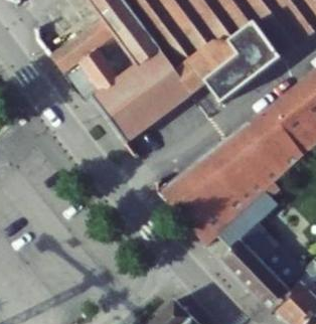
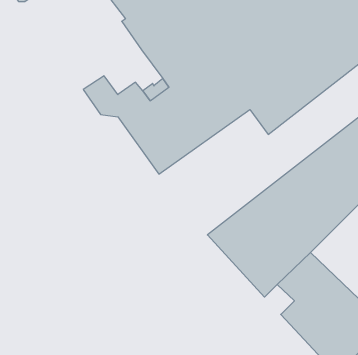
building: [55,22,119,82] -> none

